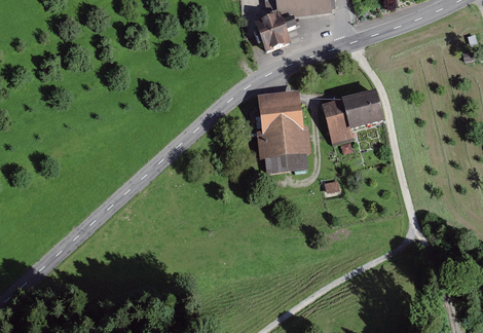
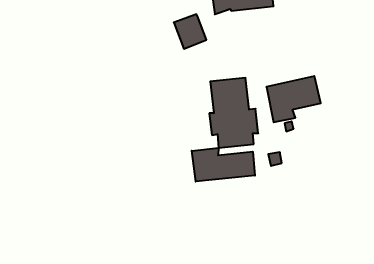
building: [255,13,292,52] -> [174,14,206,49]
building: none -> [192,148,255,182]

